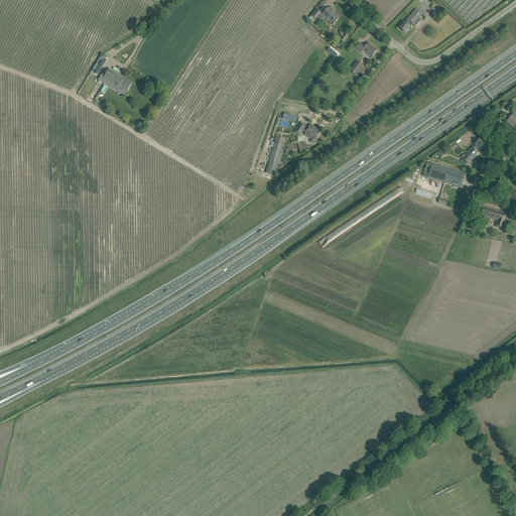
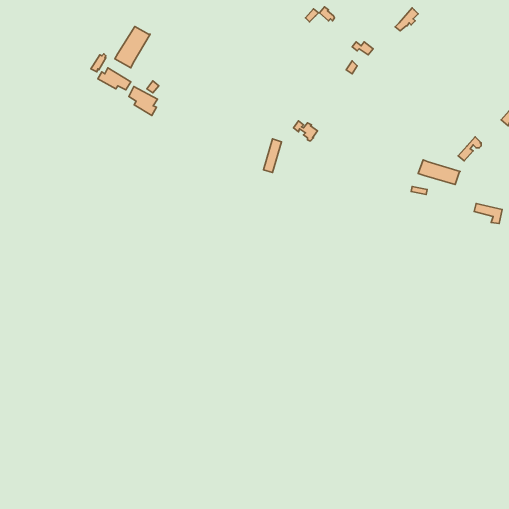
building: none -> [115,26,150,68]
building: none -> [129,87,157,115]

